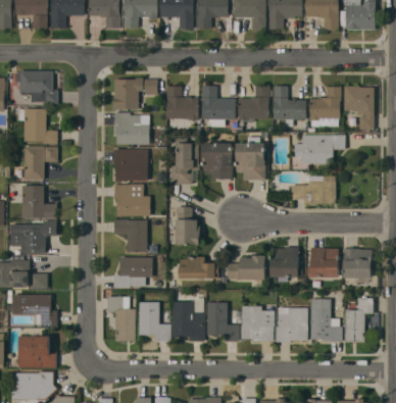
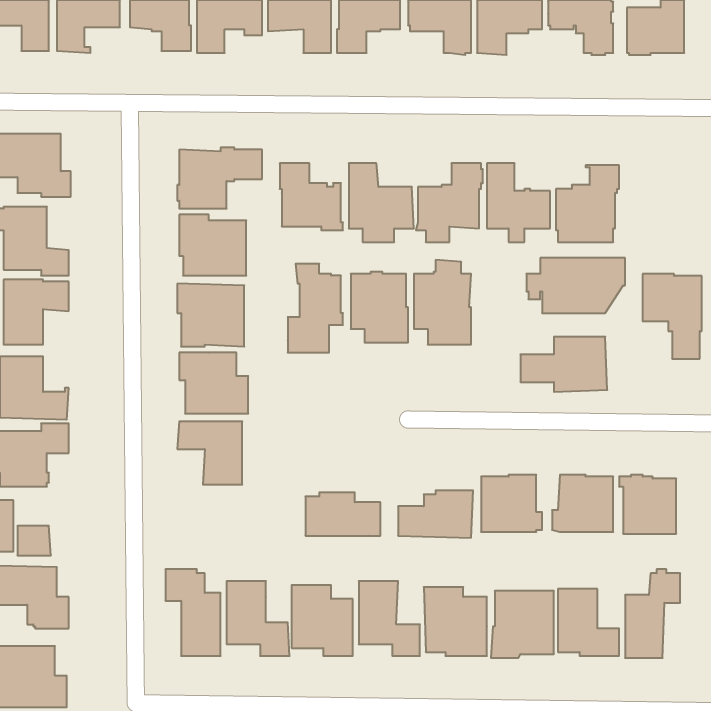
building: [344,86,375,130] -> [643,274,702,359]
building: [176,206,200,245] -> none
building: [113,256,153,289] -> none

